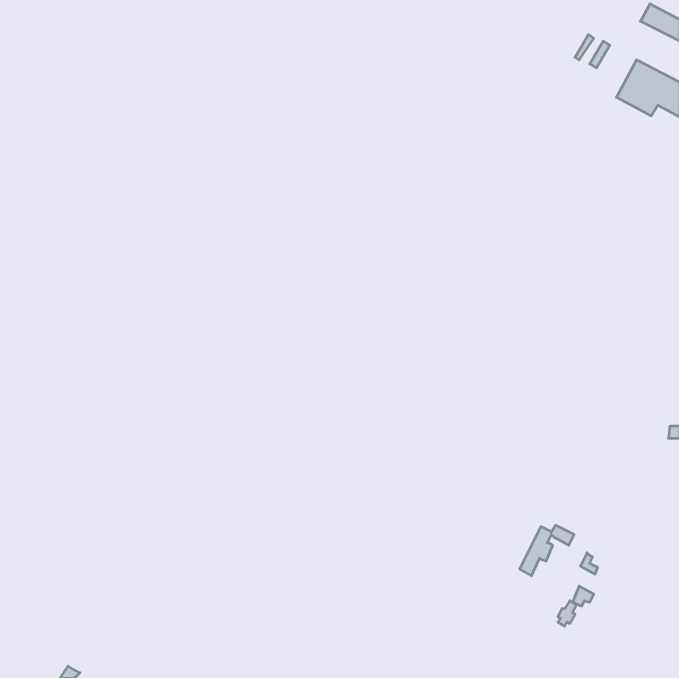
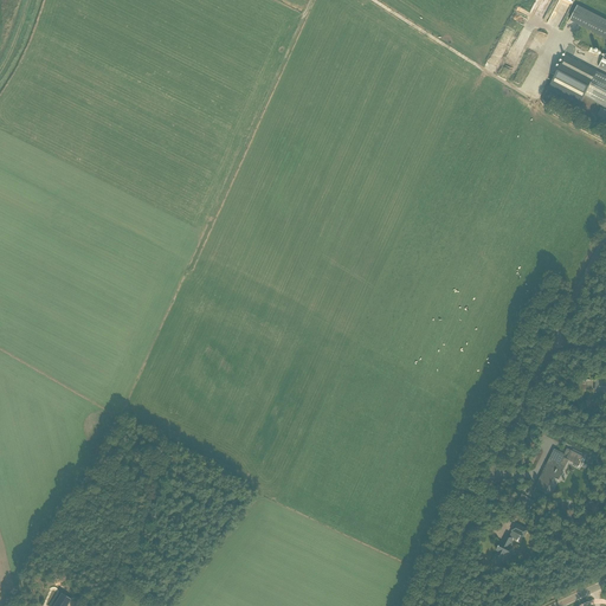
building: [520,525,574,576] -> [536,446,585,491]

